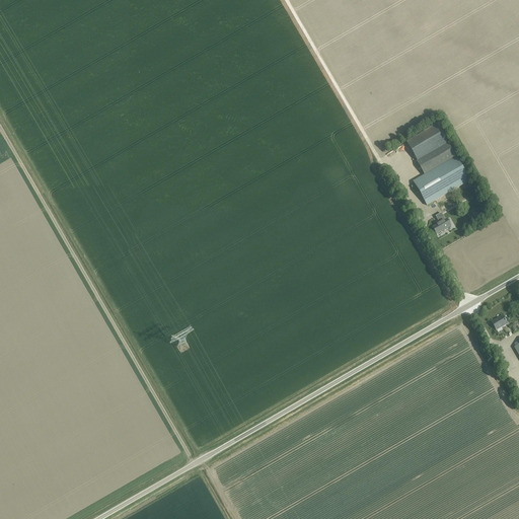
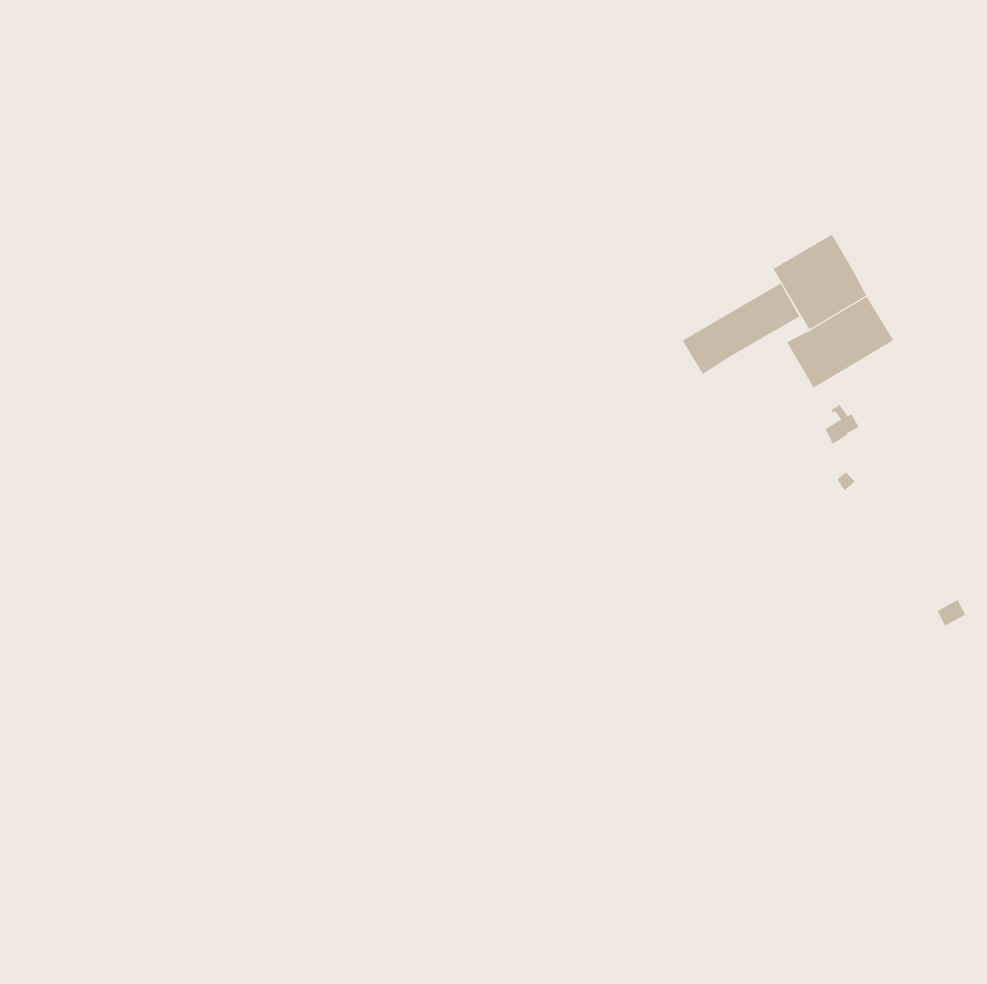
building: none -> [682,283,800,375]

